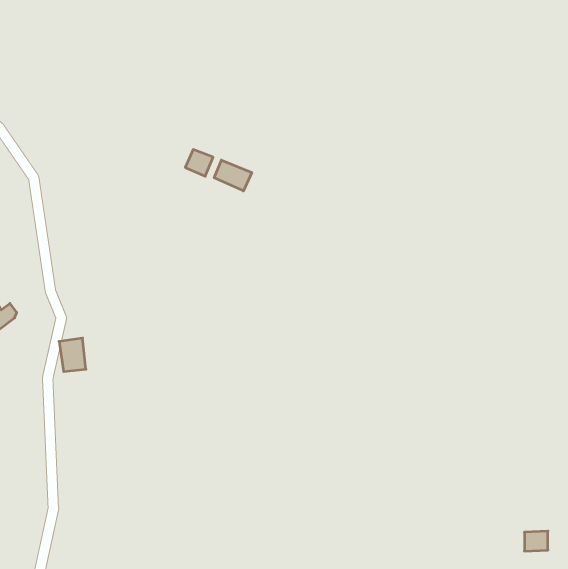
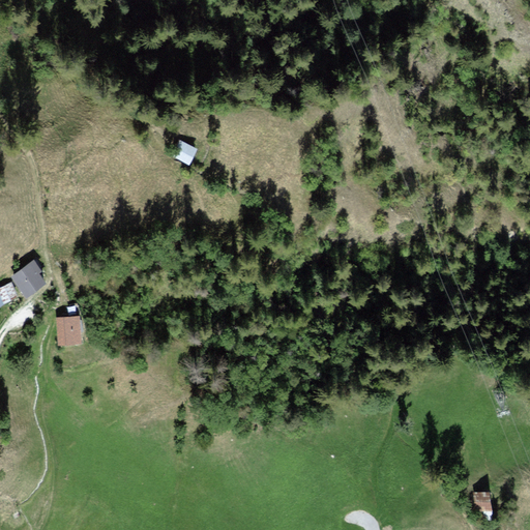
building: [214,160,252,191] -> none
building: none -> [11,263,43,296]

